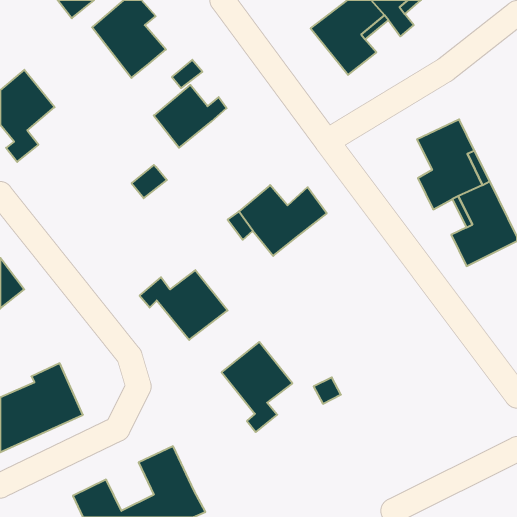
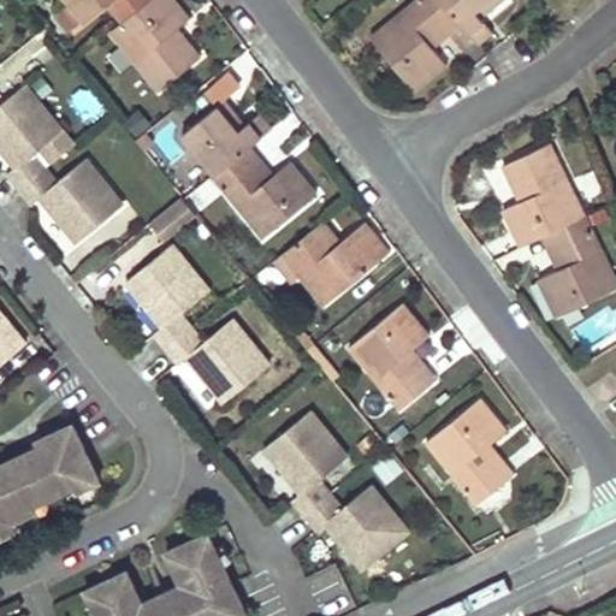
building: none -> [213,144,315,237]
building: none -> [20,159,130,245]
building: none -> [125,244,209,351]
building: none -> [349,302,436,407]
building: none -> [428,398,514,502]
building: none -> [304,484,409,568]

